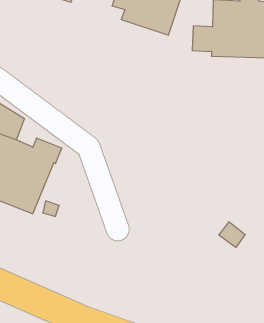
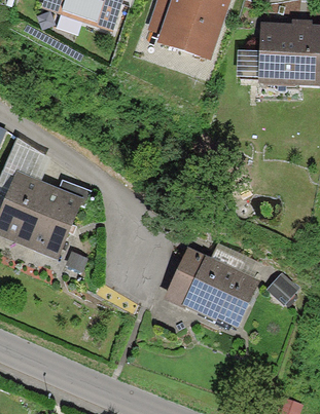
building: none -> [163,249,259,335]

